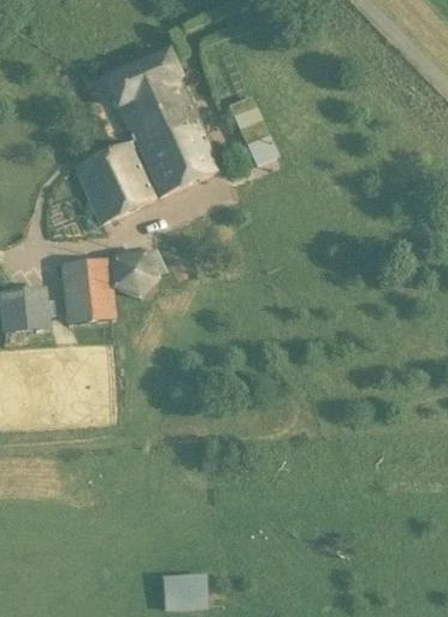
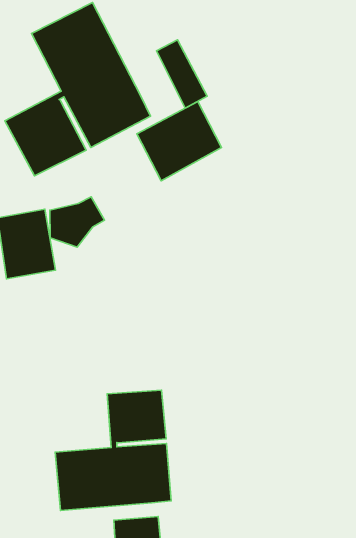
building: none -> [137,102,222,181]
building: none -> [55,390,171,510]

